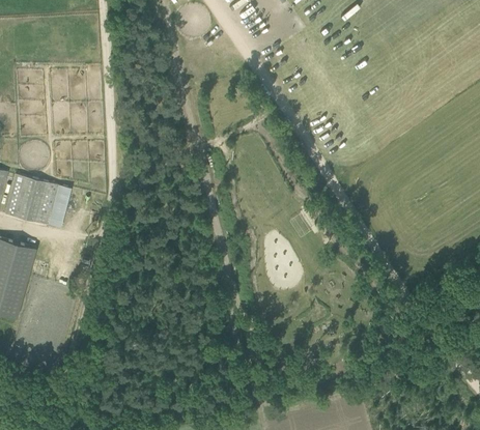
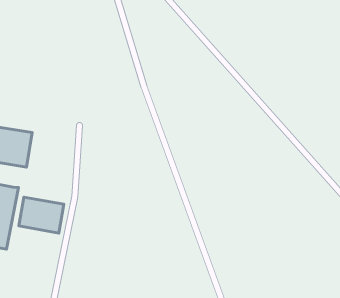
building: none -> [19,197,64,233]

